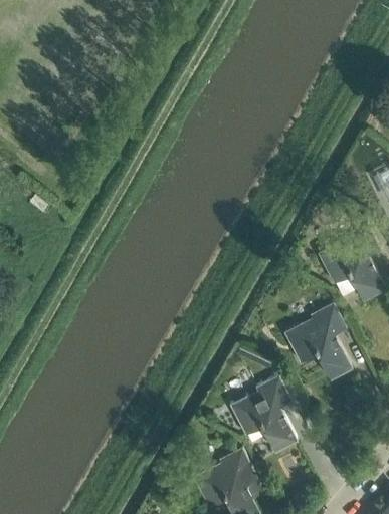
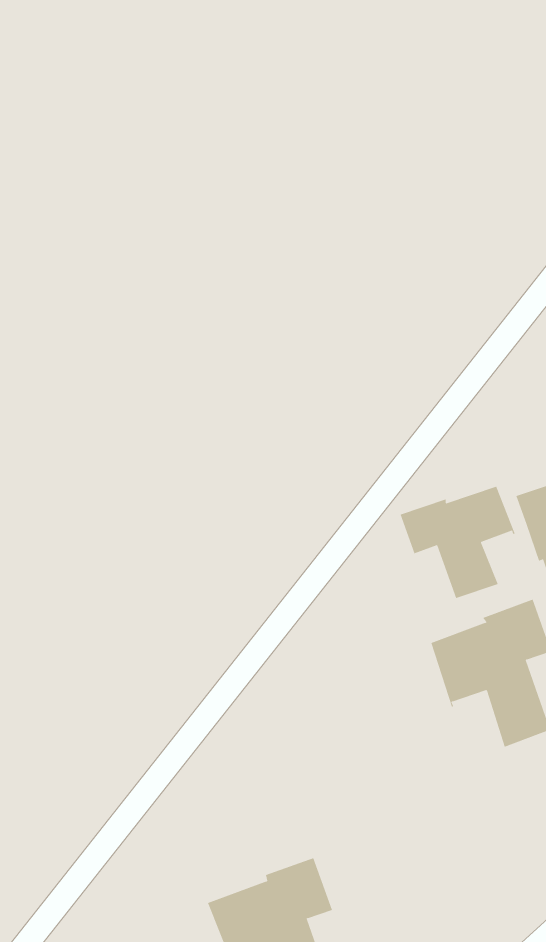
building: none -> [400,486,515,599]
building: [231,376,299,452] -> none

